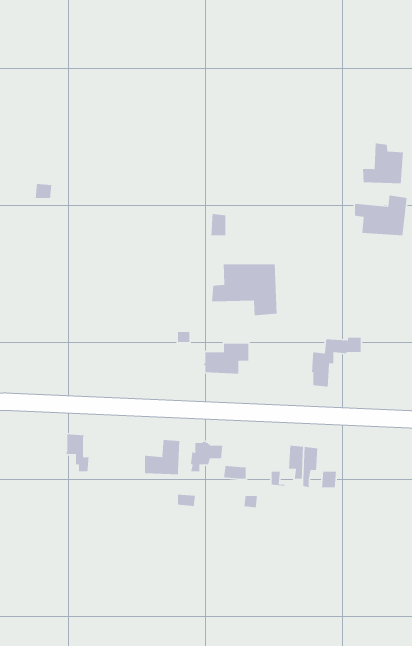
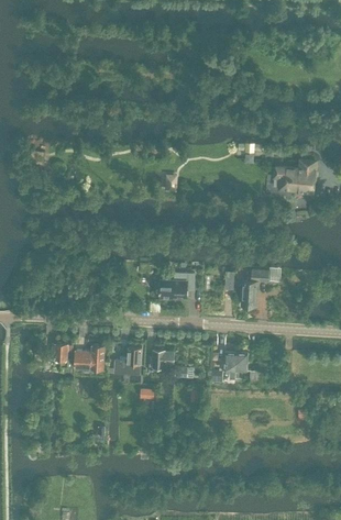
building: [362,142,404,184] -> none
building: [211,264,278,316] -> none
building: none -> [75,345,106,369]

